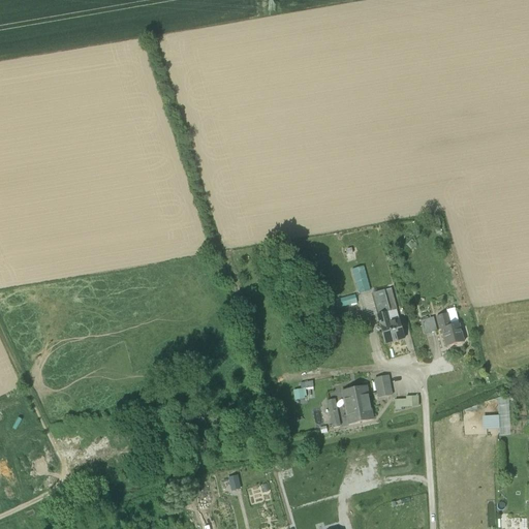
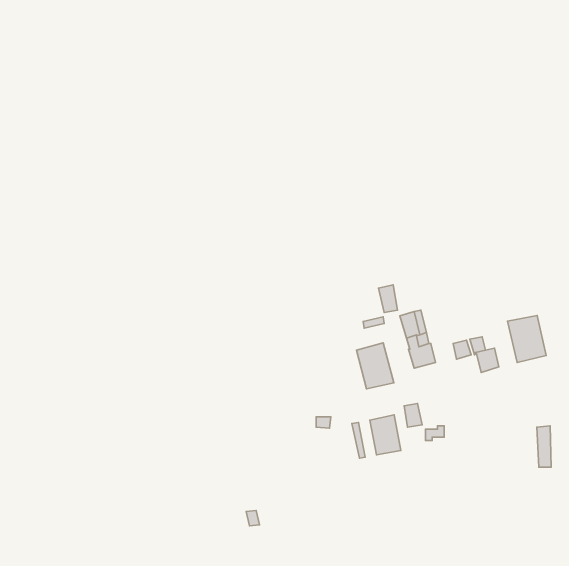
building: none -> [507,315,546,362]
building: none -> [356,343,394,389]

